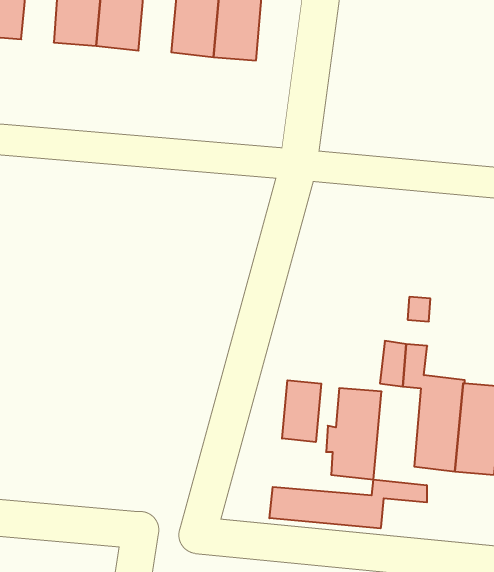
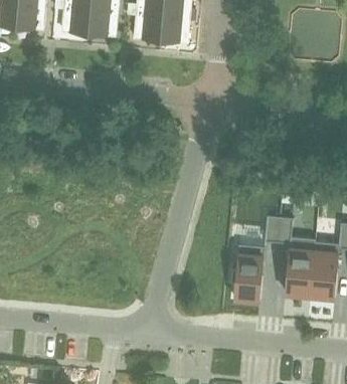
building: [282,380,321,442] -> none
building: [269,480,427,528] -> none

